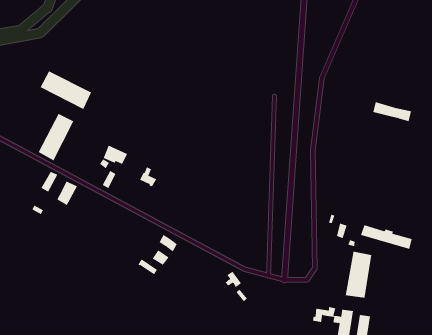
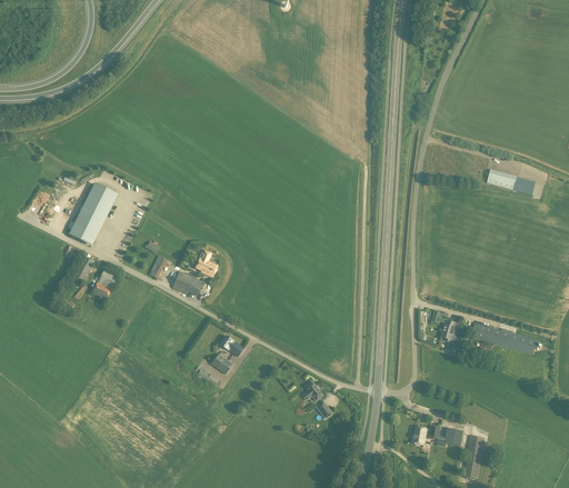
building: [40,71,92,110] -> none
building: [103,145,128,164] -> [172,270,203,295]
building: [345,251,372,298] -> none

